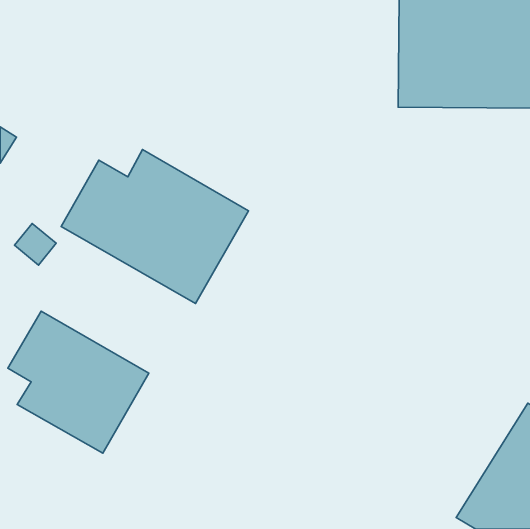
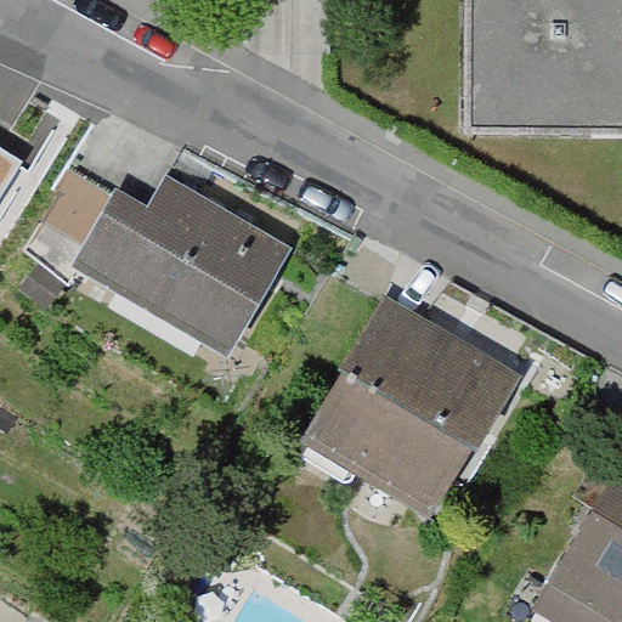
building: none -> [302,298,518,513]
building: [8,311,149,453] -> none

